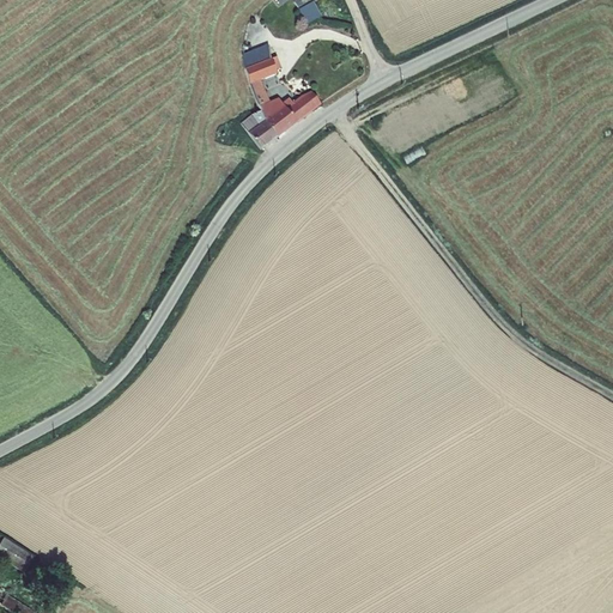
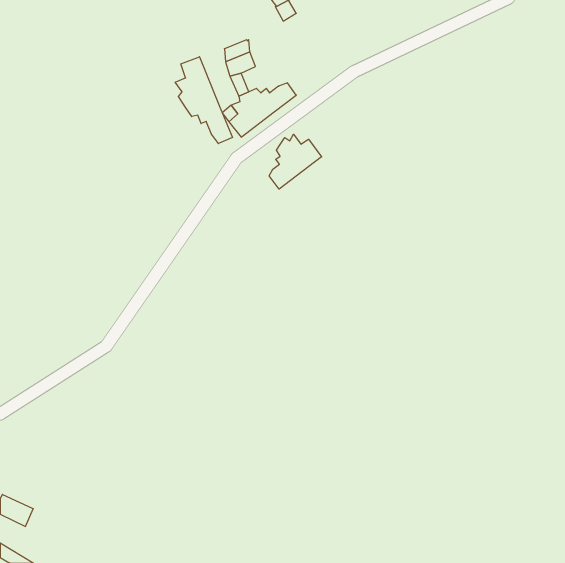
building: none -> [175,57,232,144]
building: none -> [269,134,322,189]

